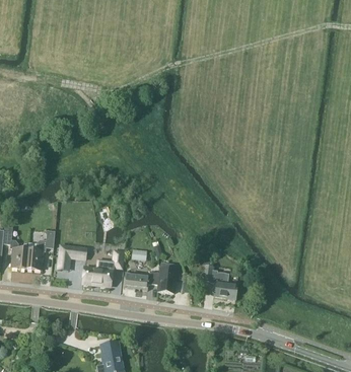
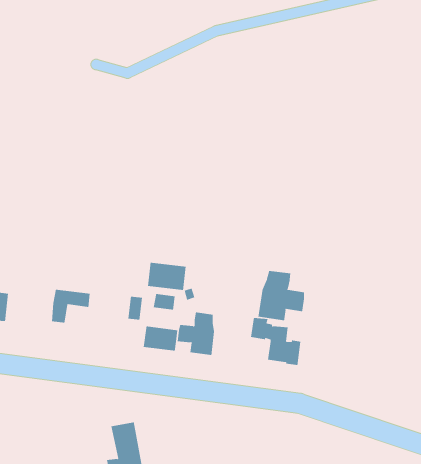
building: [25,230,55,270] -> none
building: none -> [258,270,305,321]
building: [83,266,112,286] -> [147,262,187,291]

